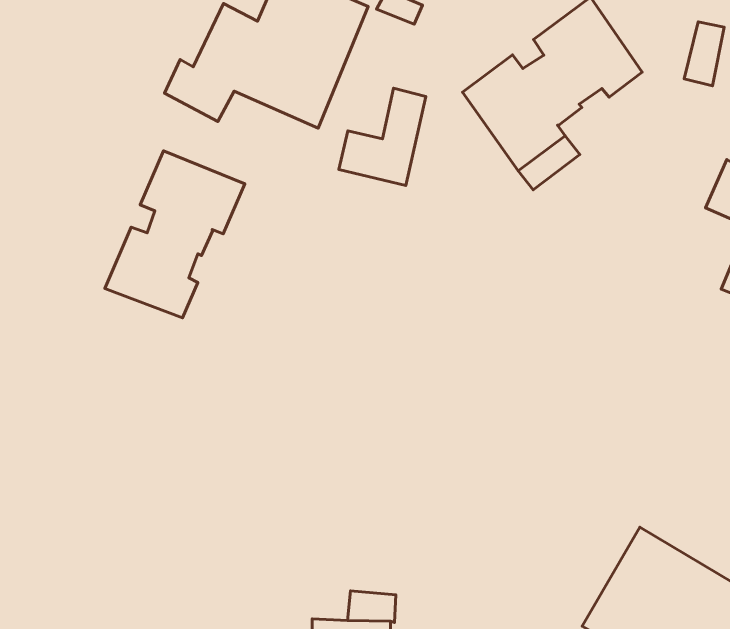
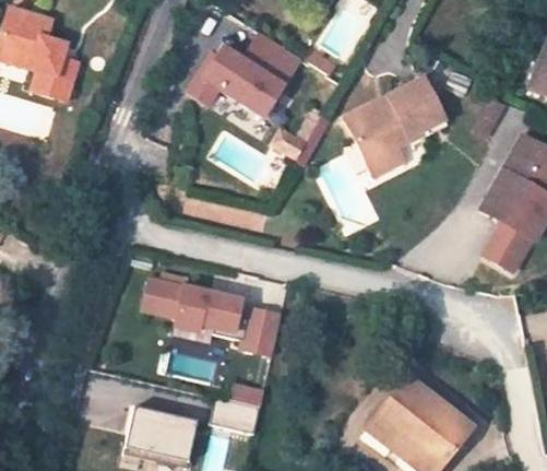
building: [105,151,245,318] -> none
building: none -> [143,278,283,355]

